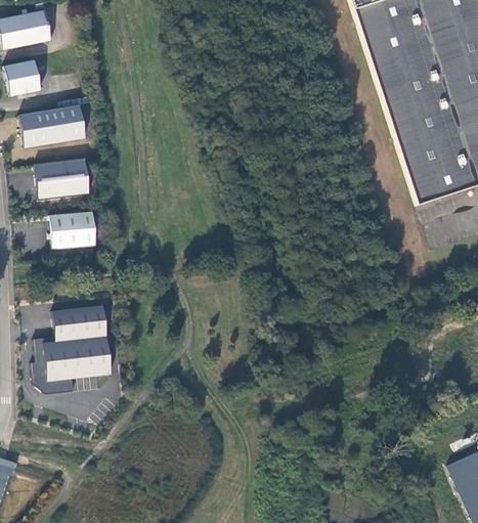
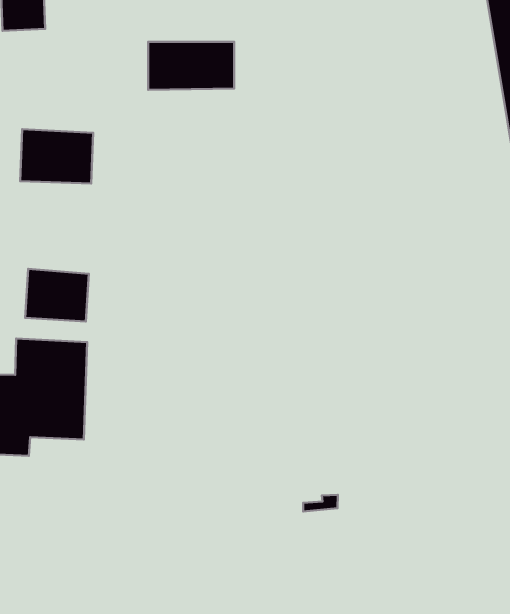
building: [20,104,86,147] -> [148,42,234,90]
building: [51,211,97,249] -> [25,269,89,321]

